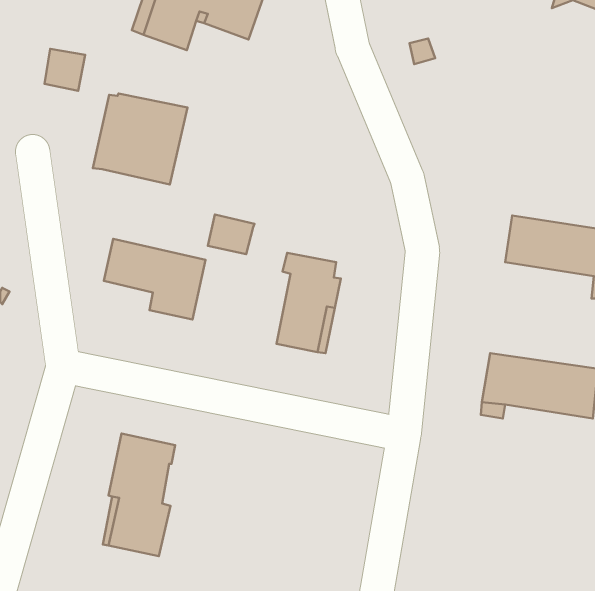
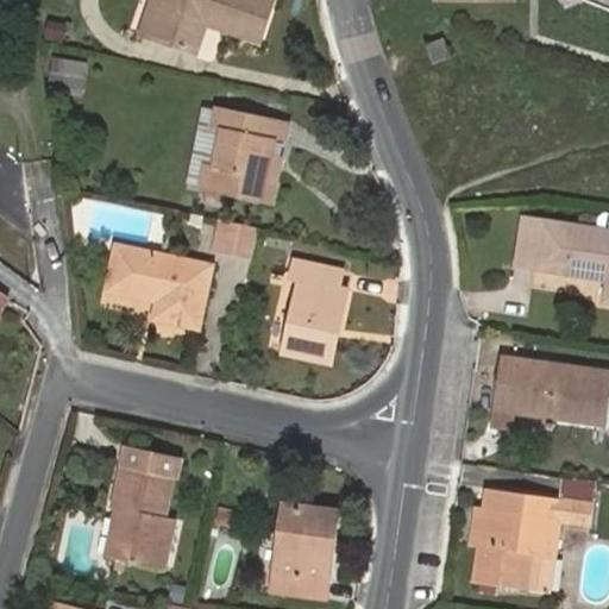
building: [93,94,187,184] -> [186,108,282,201]
building: none -> [475,489,591,590]
building: none -> [271,500,337,591]

